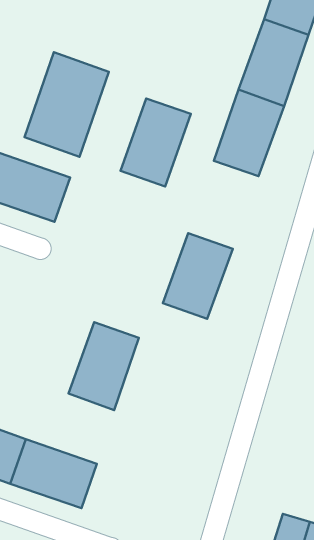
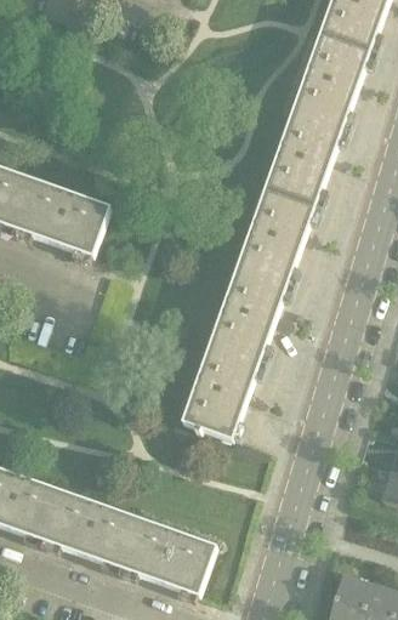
building: [24,52,109,157] -> none
building: [121,98,191,186] -> [238,187,314,283]
building: [69,322,139,410] -> [182,342,258,438]
building: none -> [121,517,215,593]

